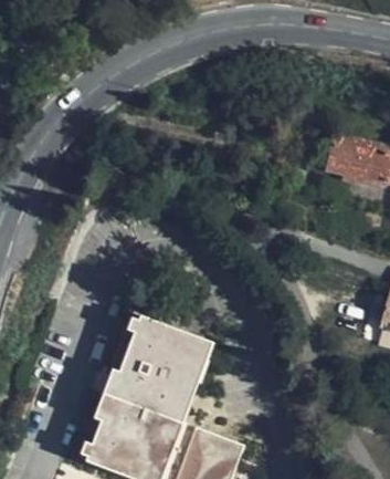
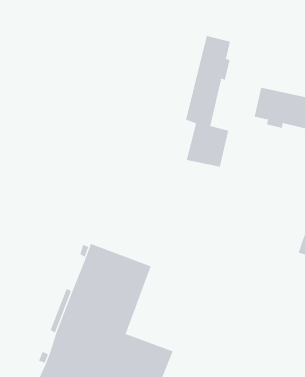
building: none -> [186,35,231,167]

